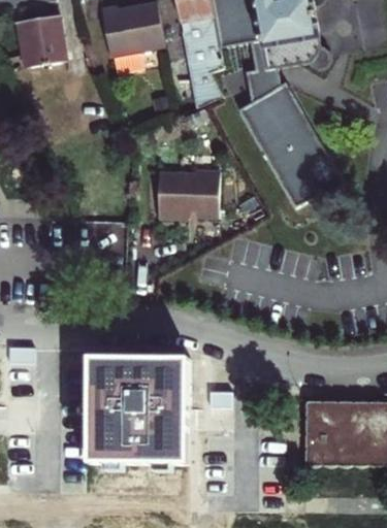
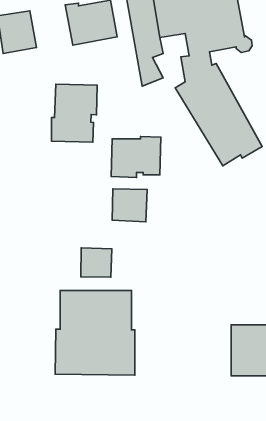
building: none -> [52,84,97,142]
building: none -> [112,189,147,222]
building: none -> [81,248,112,277]

